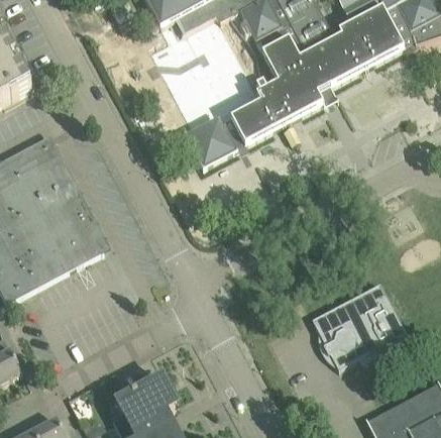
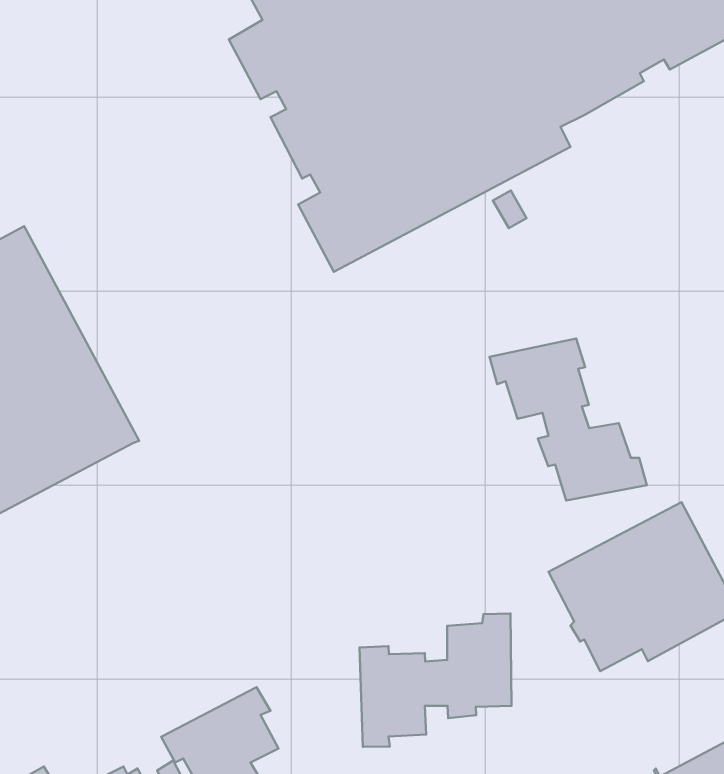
building: none -> [489,338,647,500]
building: none -> [360,614,512,747]

